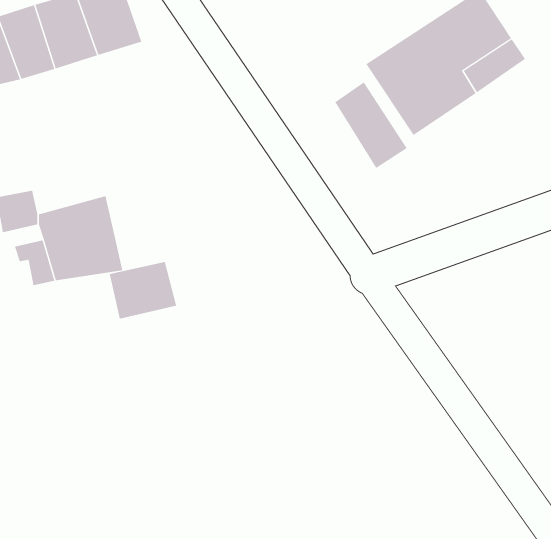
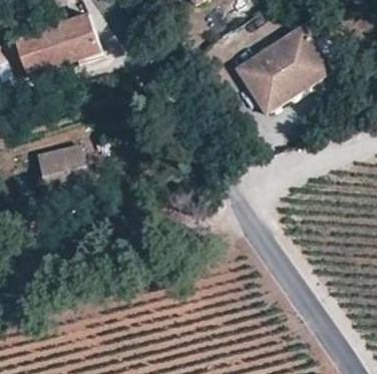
building: [335,81,408,169] -> none
building: [109,261,177,319] -> none

